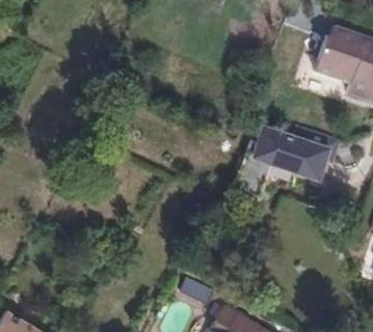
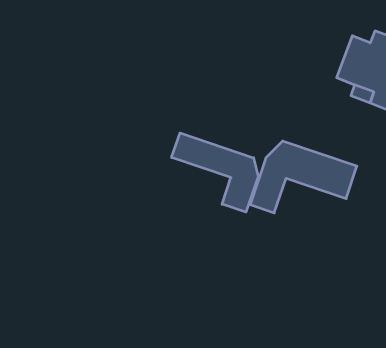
building: none -> [172,133,258,212]

